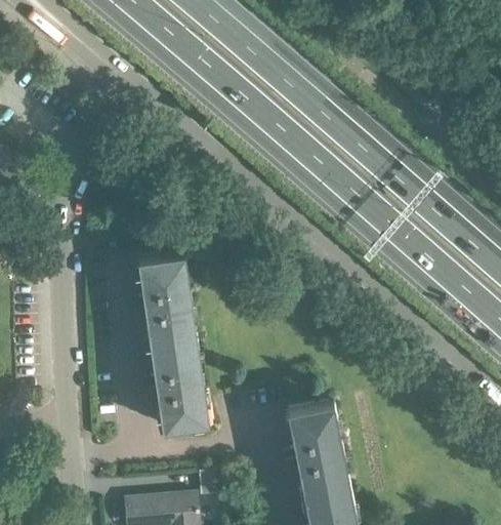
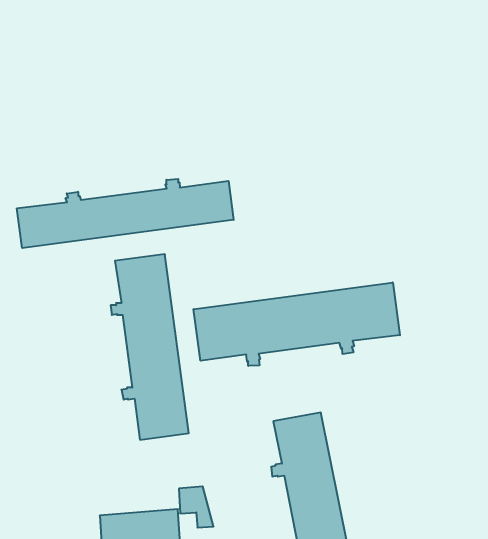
building: none -> [17,179,234,248]
building: none -> [194,282,400,366]

